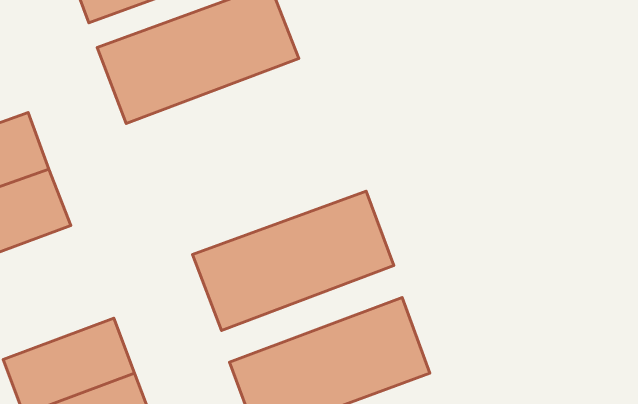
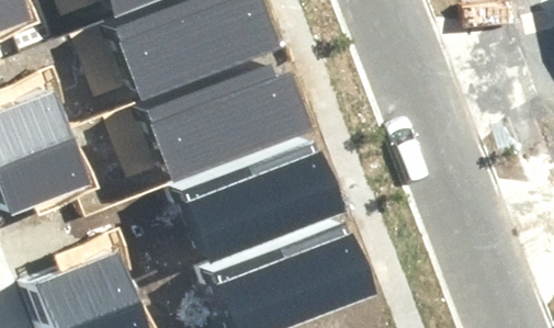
building: none -> [147,68,306,179]

